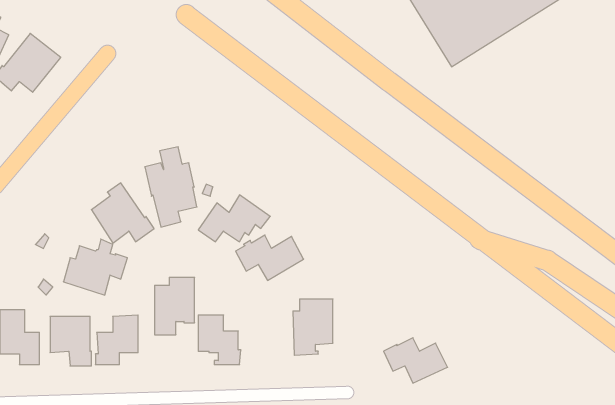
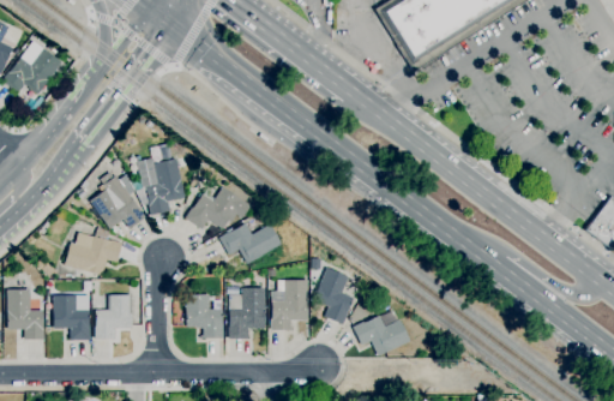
building: [155,277,195,335] -> [229,287,265,339]
building: none -> [313,268,354,324]

